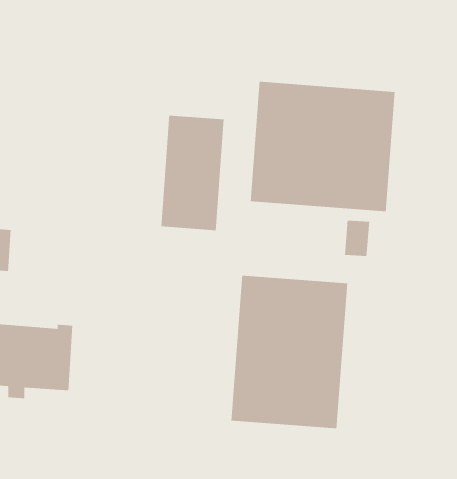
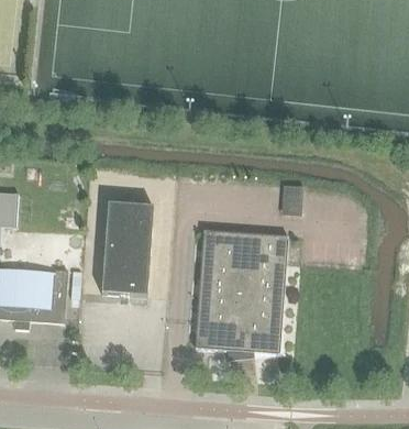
building: [250,81,396,212] -> none
building: [160,115,225,231] -> [102,205,154,298]

